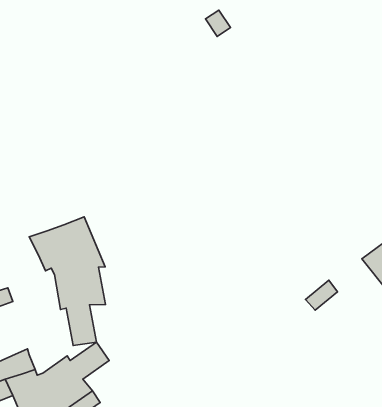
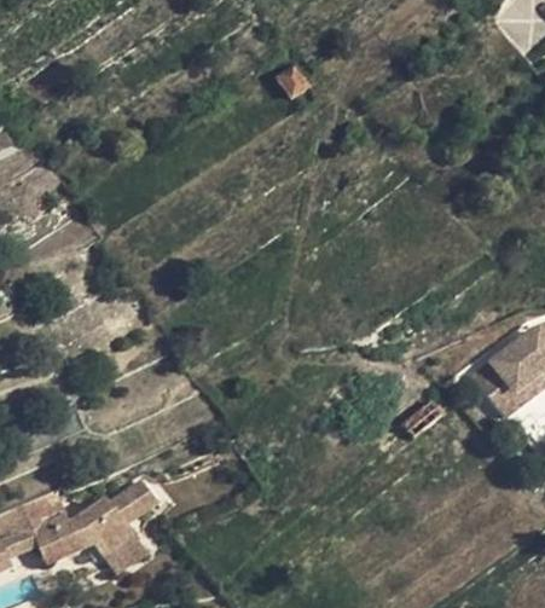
building: [29,217,105,345] -> none

